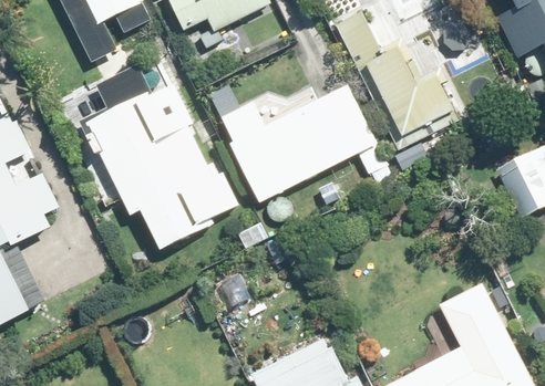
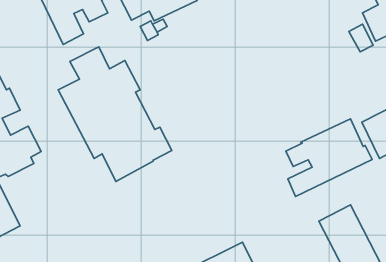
building: [337,12,462,150] -> none
building: [222,84,389,204] -> none
building: none -> [286,119,372,197]

